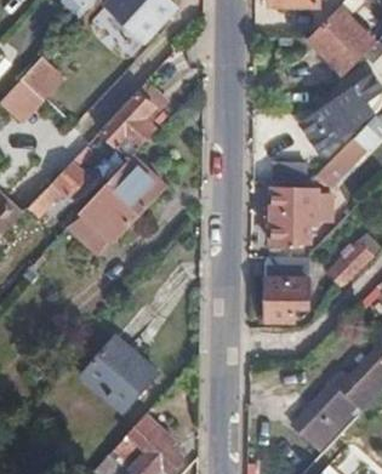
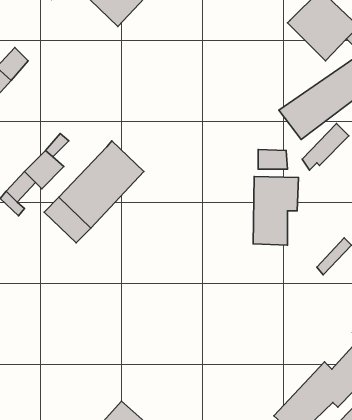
building: [96,90,156,161] -> none
building: [266,257,307,319] -> none
building: [79,337,153,409] -> none

